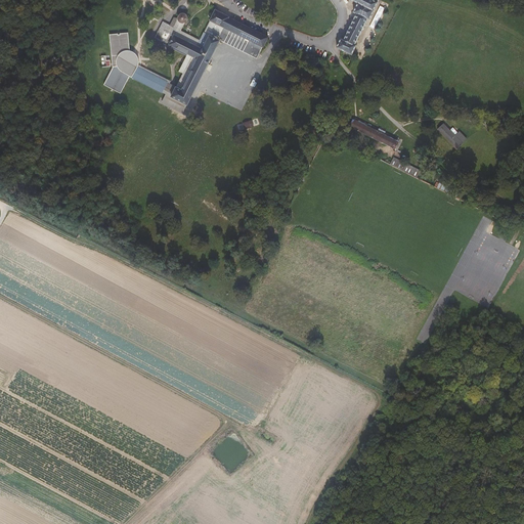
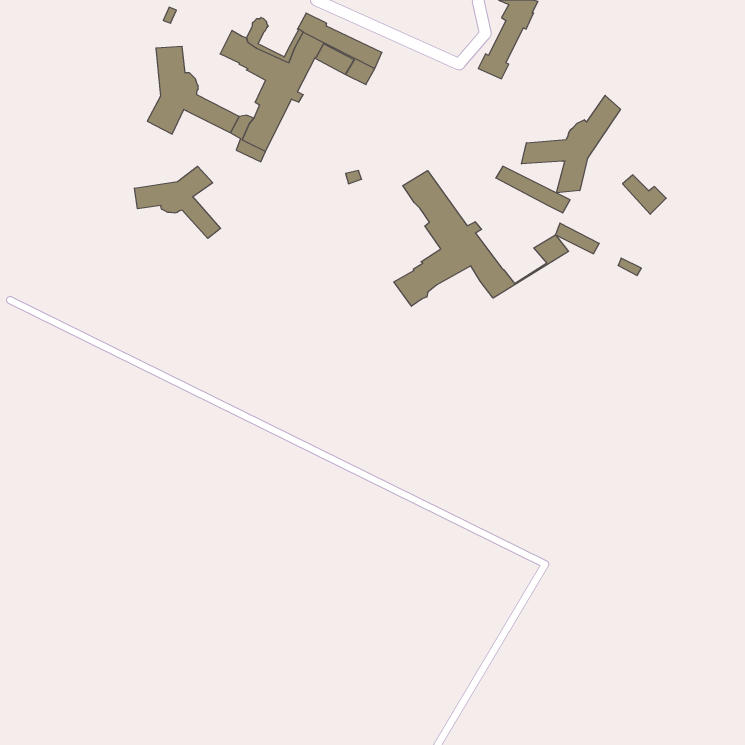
building: none -> [522,95,620,193]
building: none -> [135,166,221,238]
building: none -> [394,171,569,306]

